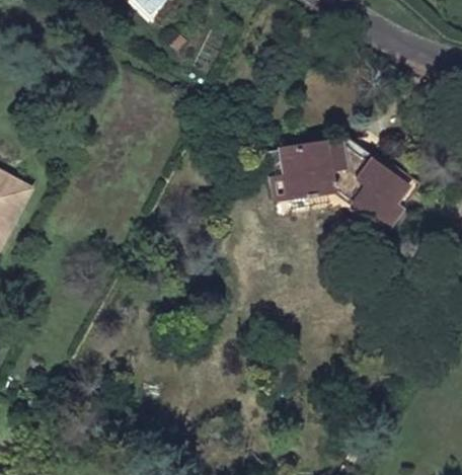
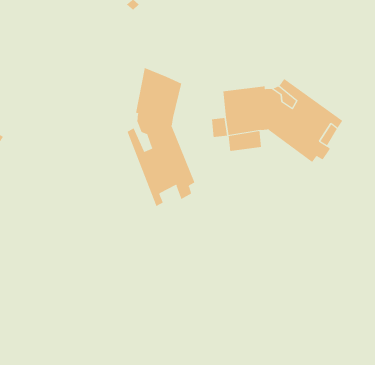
building: none -> [127,67,195,207]

